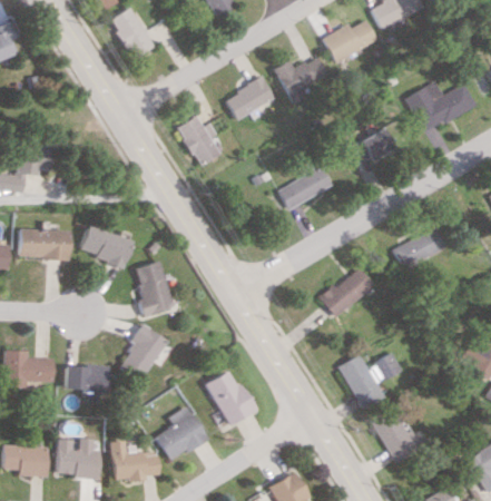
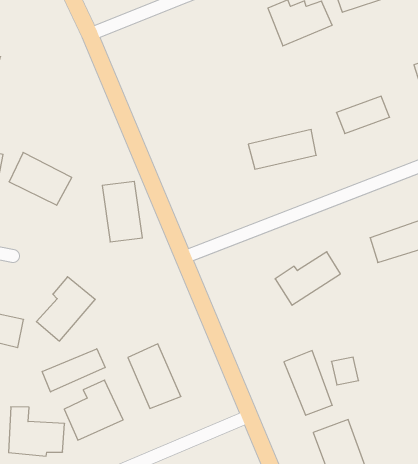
building: [225,76,276,120] -> none
building: [175,115,220,166] -> none
building: [130,261,171,315] -> [102,181,142,242]
building: none -> [42,349,105,392]

